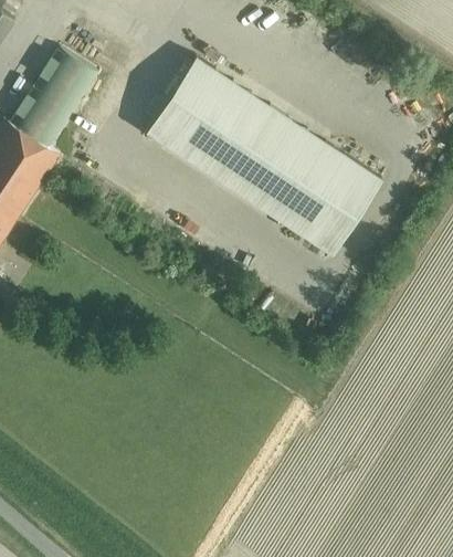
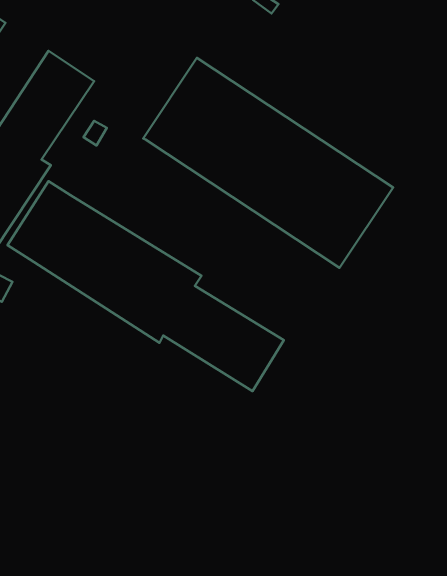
building: none -> [8,181,284,391]

